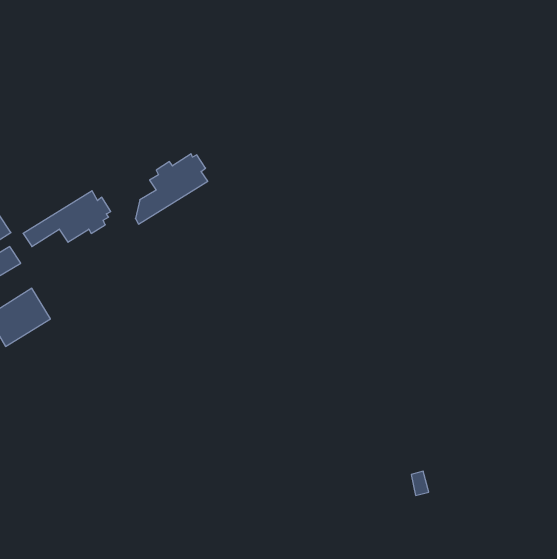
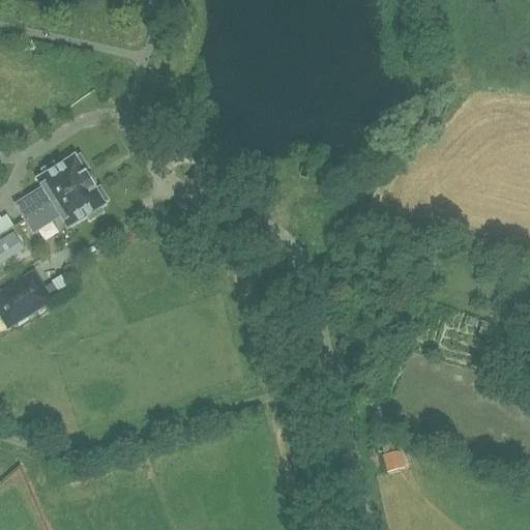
building: [135,154,208,224] -> [19,154,87,220]

